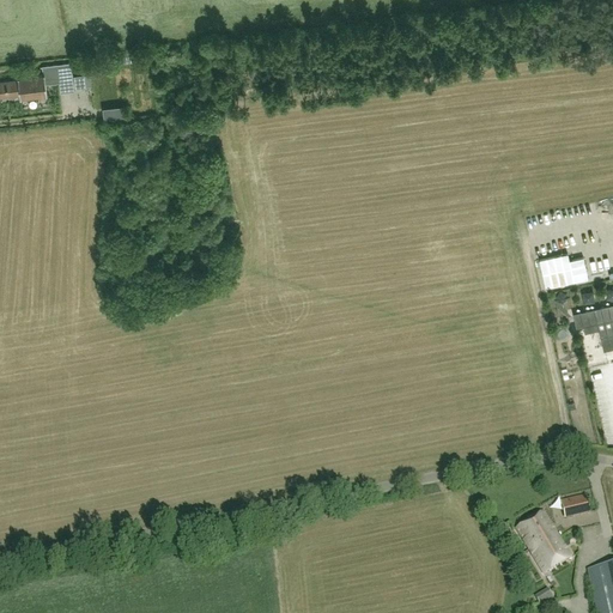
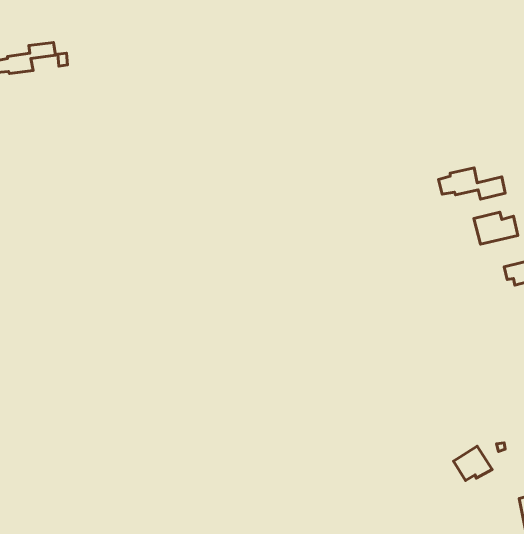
building: none -> [438,168,505,199]
building: [529,540,571,576] -> none

